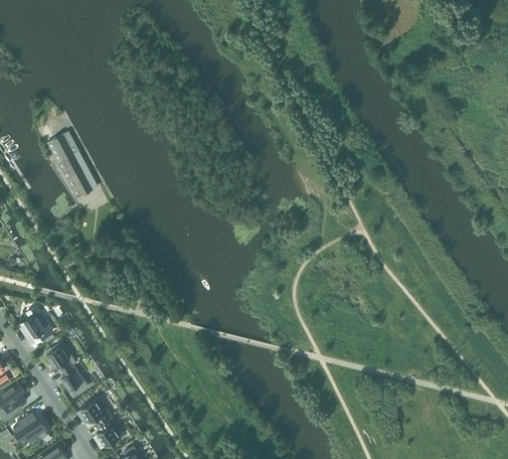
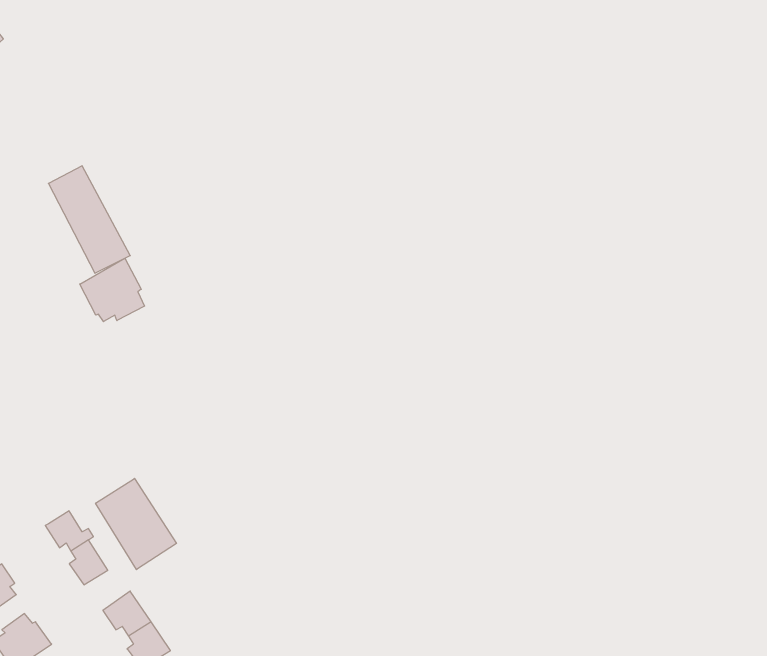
building: none -> [80,258,144,322]
building: [20,306,51,343] -> none
building: none -> [96,478,176,570]

